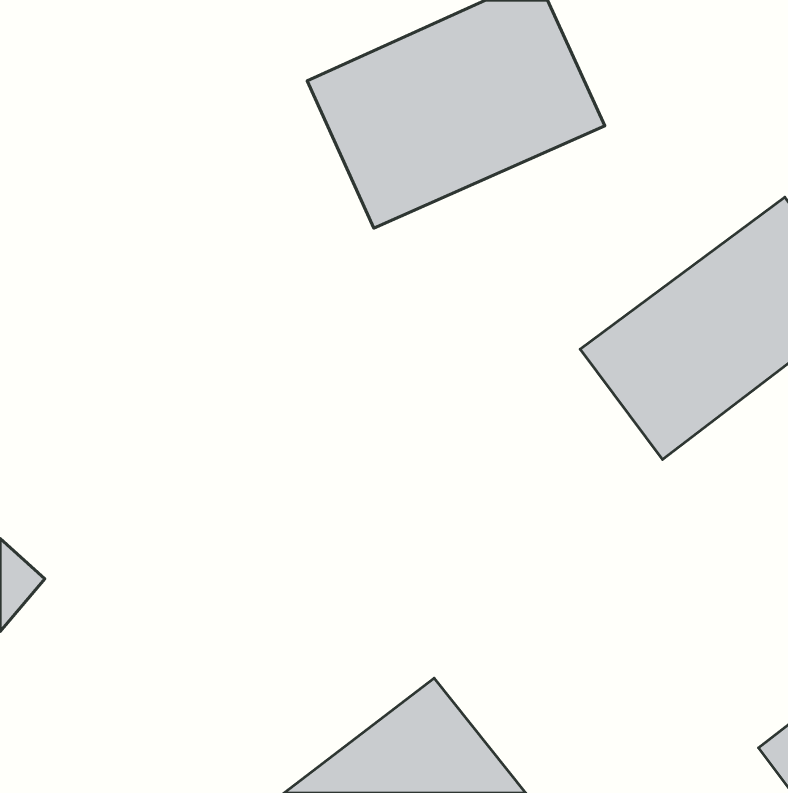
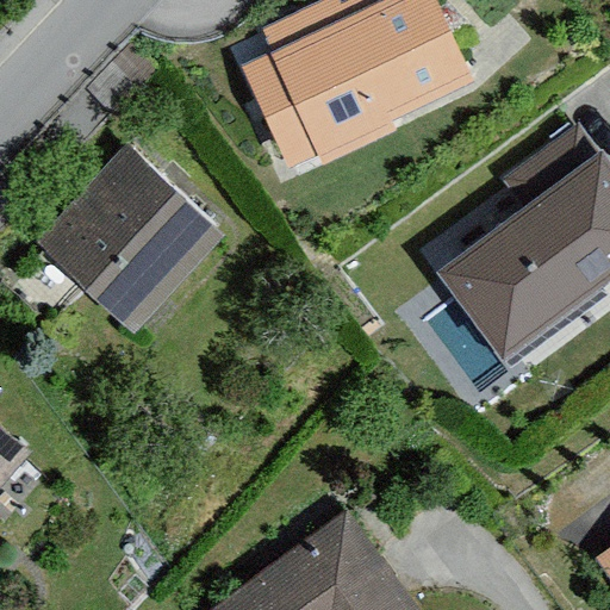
building: none -> [35,142,216,322]

